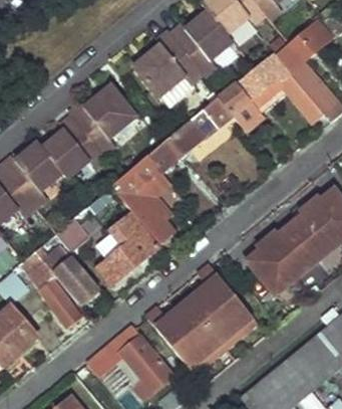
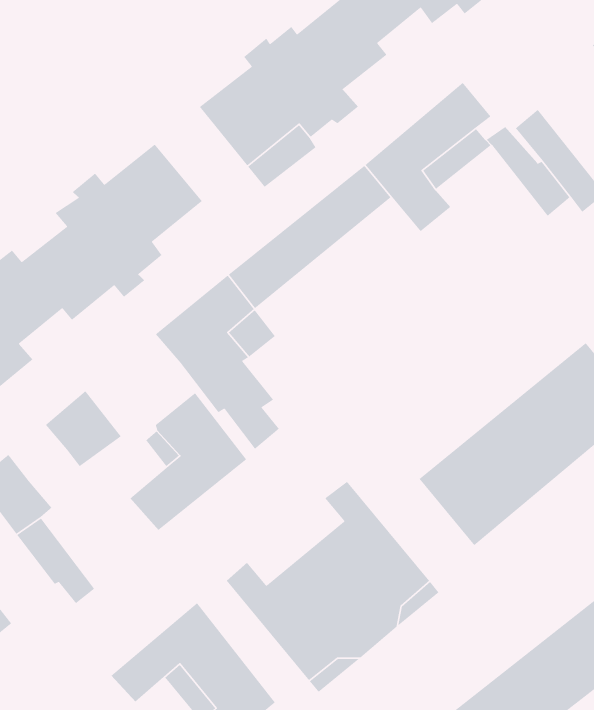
building: [276,18,332,69] -> none
building: [33,232,95,304] -> none

